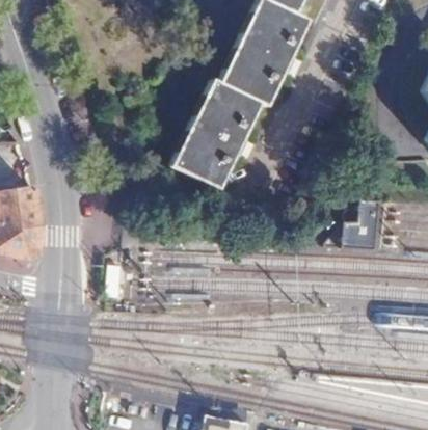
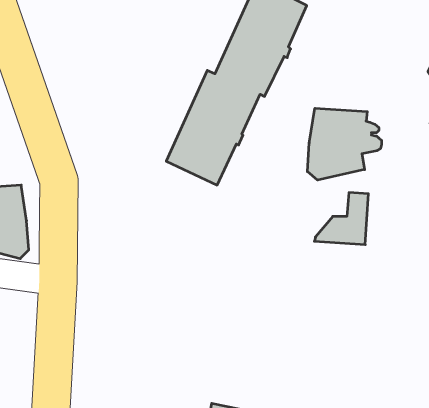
building: none -> [307,108,382,180]

